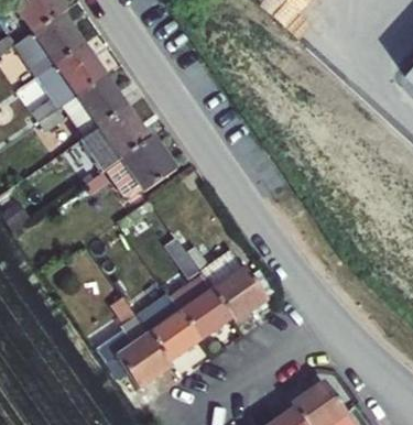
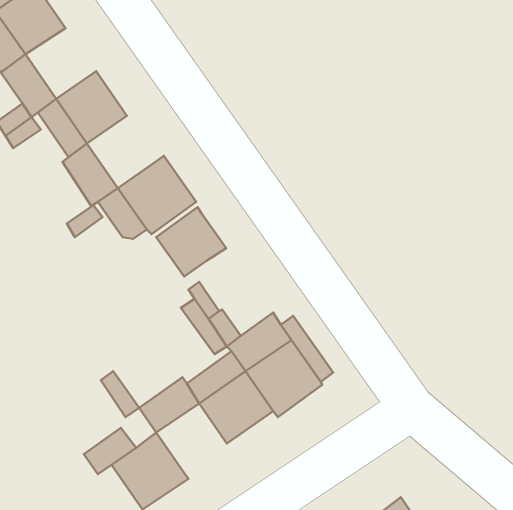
building: [54,44,105,95] -> none
building: [98,107,149,159] -> none
building: none -> [156,207,226,277]
building: [148,313,198,362] -> none

